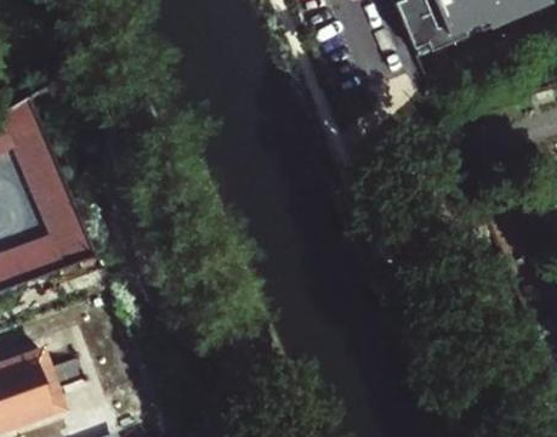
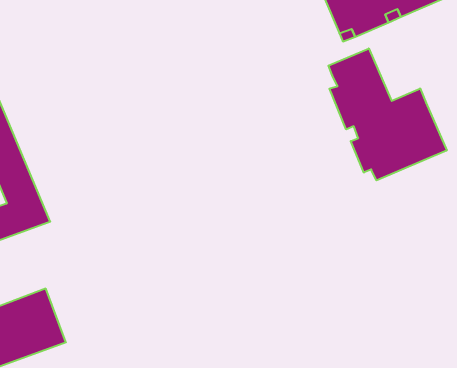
building: none -> [328,48,447,180]

